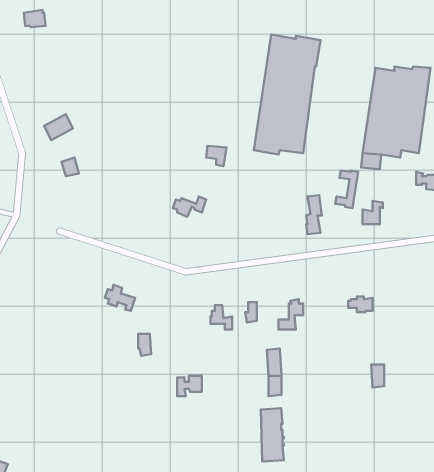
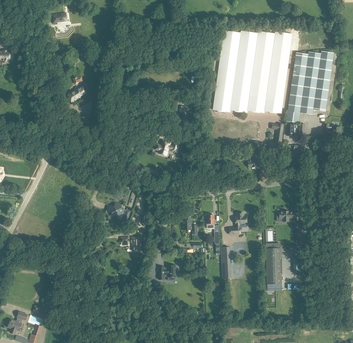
building: none -> [246,31,292,111]
building: [261,408,284,462] -> [266,247,282,284]

